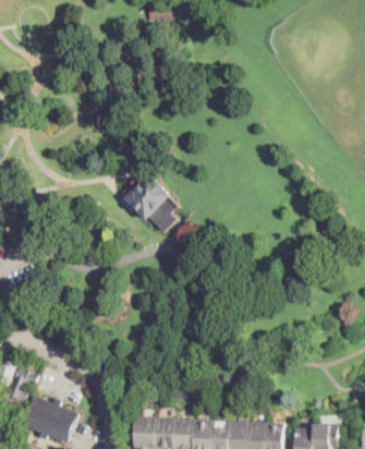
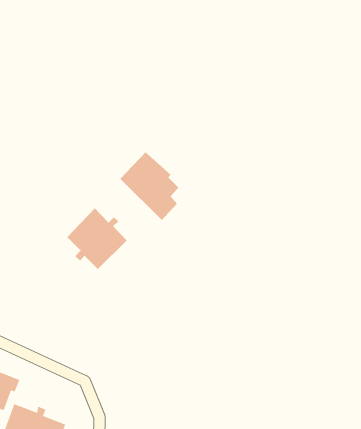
building: none -> [66,208,128,270]

